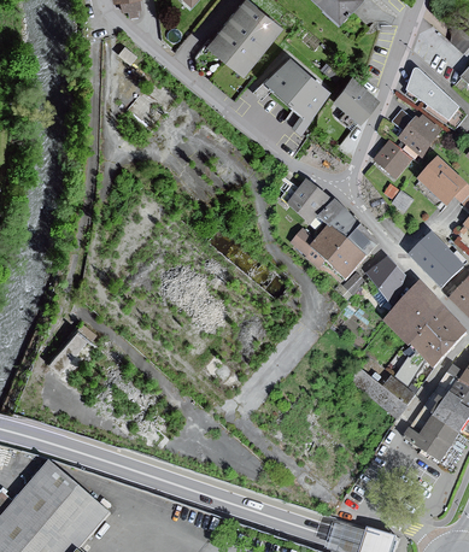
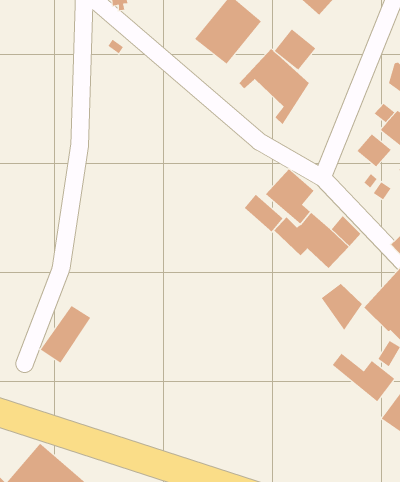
building: [333,76,376,119] -> [274,29,316,71]
building: [319,200,360,240] -> [244,194,283,232]
building: [365,256,409,305] -> [321,283,363,331]

